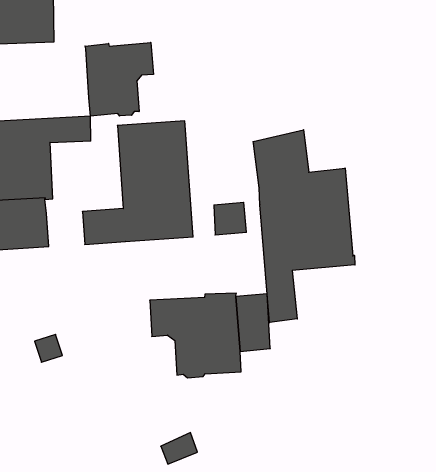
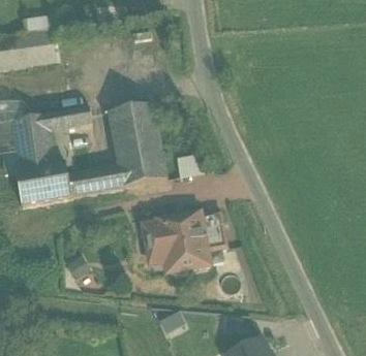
building: [85,42,153,116] -> none
building: [253,130,355,323] -> none
building: none -> [66,170,94,196]

